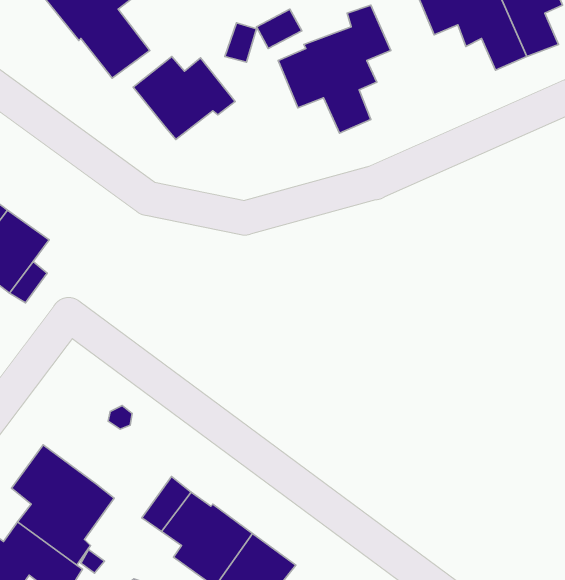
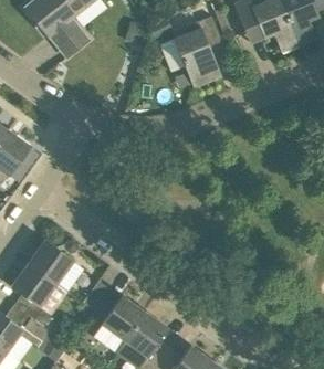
building: [133,57,235,139] -> none
building: none -> [28,239,74,284]

